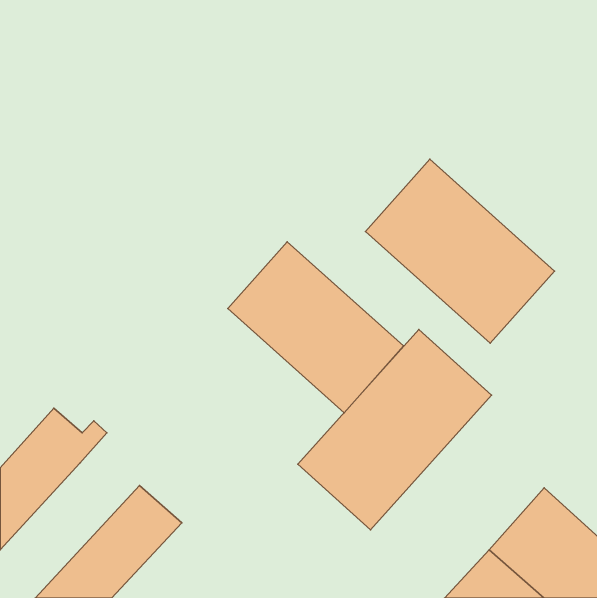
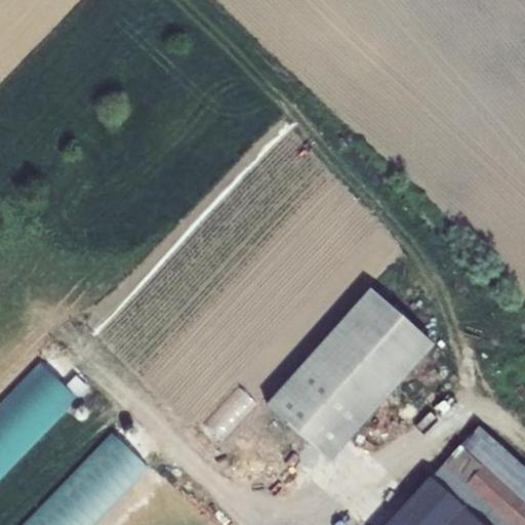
building: [366,159,555,343] -> none
building: [228,242,403,413] -> none

